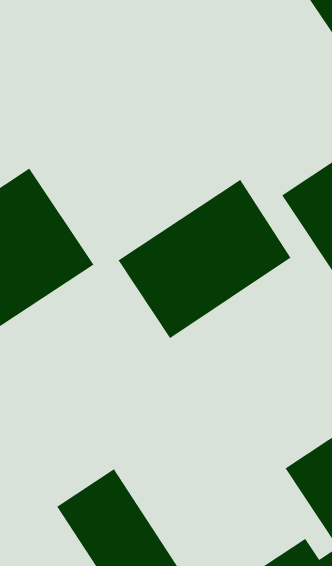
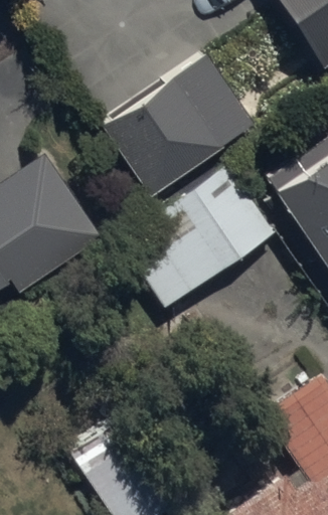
building: none -> [102,53,256,195]

